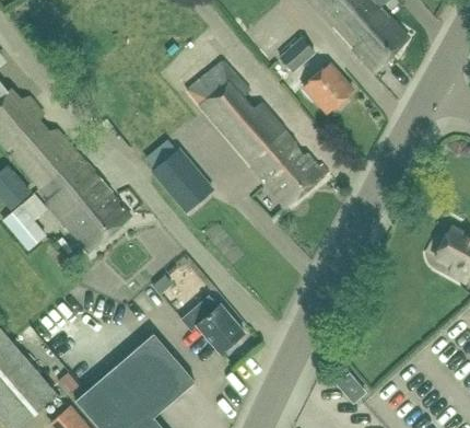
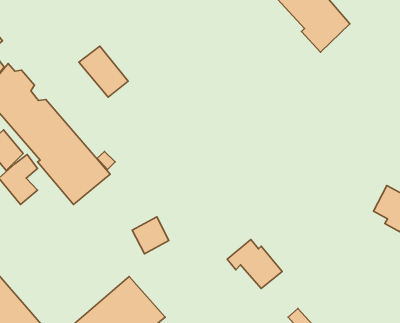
building: [280,38,315,72] -> none
building: [187,59,328,207] -> none
building: [304,63,353,114] -> none
building: [151,151,208,210] -> [79,46,128,97]
building: [181,296,245,352] -> [227,239,282,289]

